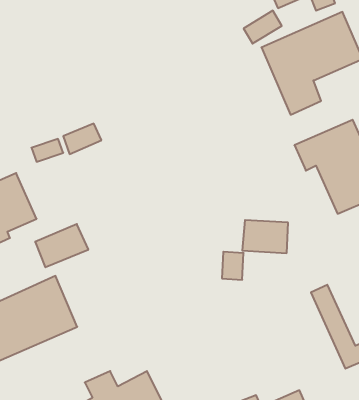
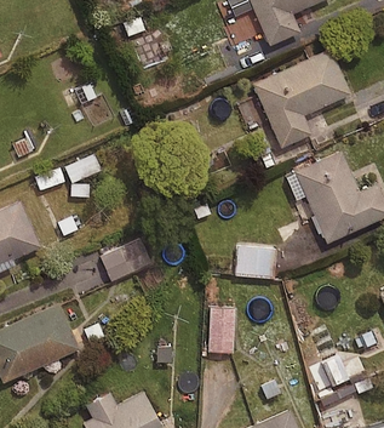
building: [35,224,88,267] -> [101,241,151,283]
building: none -> [205,309,234,354]

